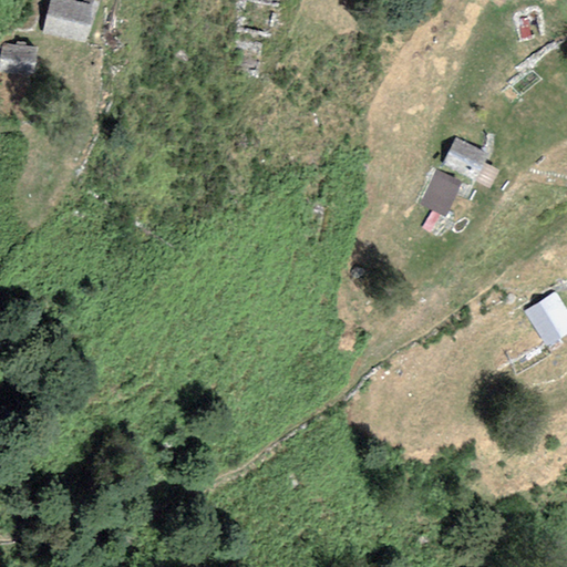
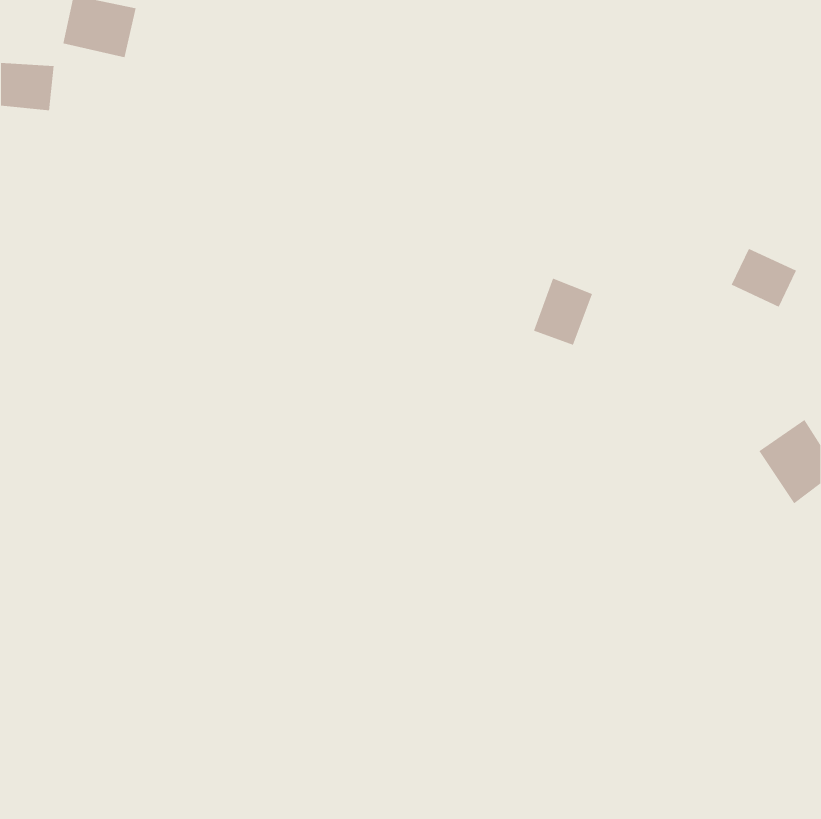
building: [443,137,488,178] -> [731,248,797,307]
building: [420,168,461,215] -> [533,278,593,345]

